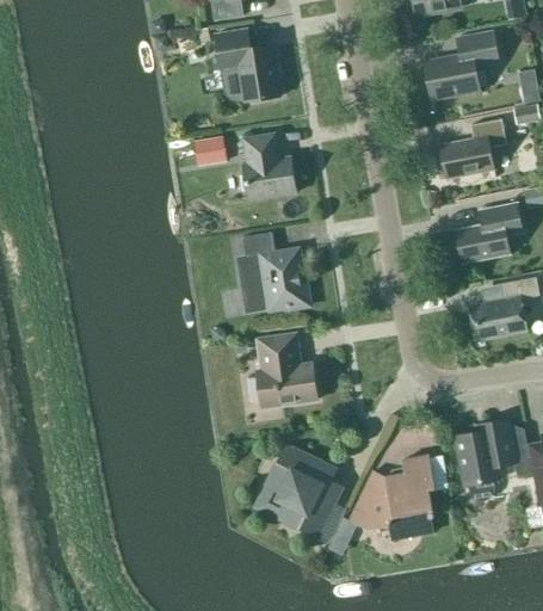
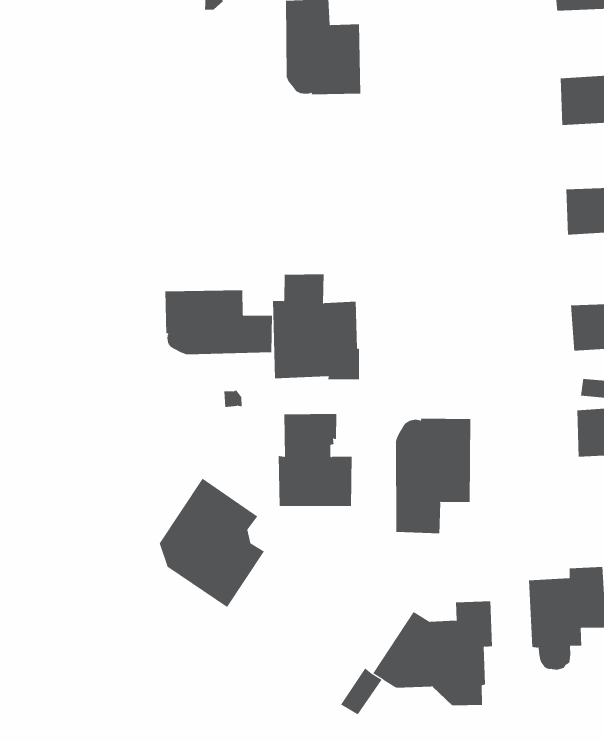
building: [243,132,296,198] -> none
building: [195,135,228,165] -> none
building: none -> [165,289,272,355]
building: none -> [396,418,471,534]
building: [260,443,339,536] -> [159,478,265,608]

